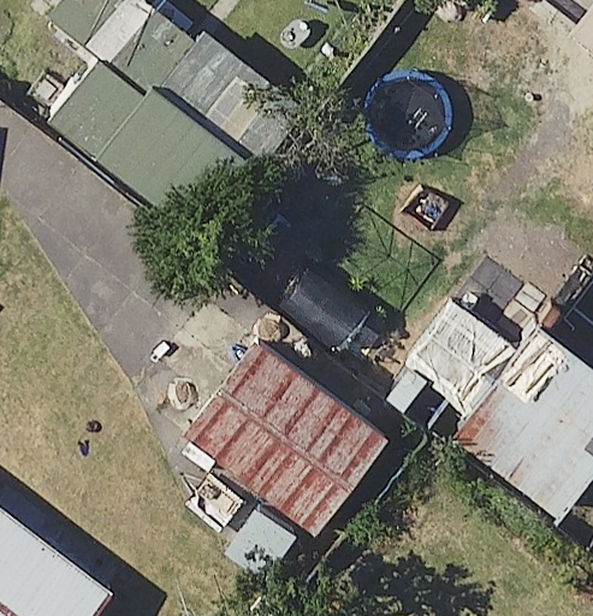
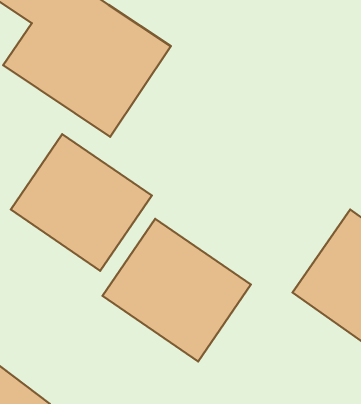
building: none -> [11,134,152,271]

